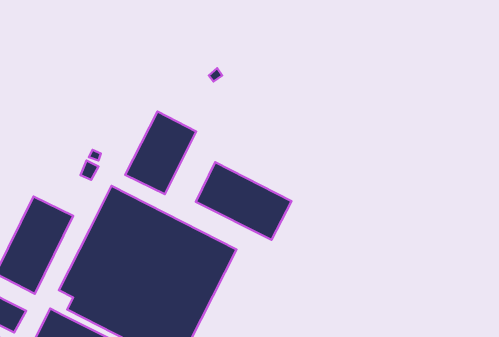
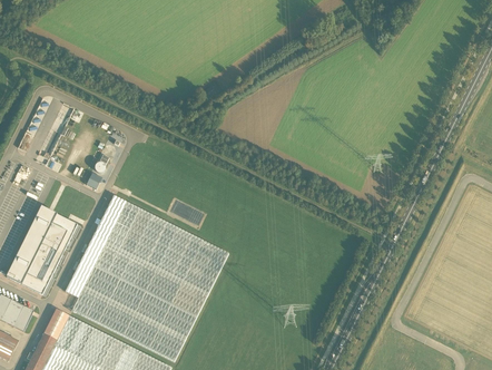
building: [125,112,196,194] -> none
building: [196,162,292,240] -> none

